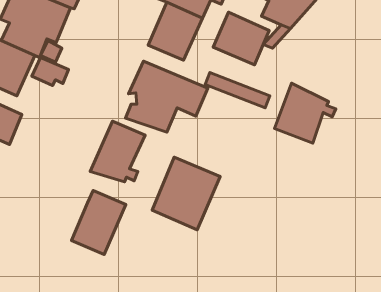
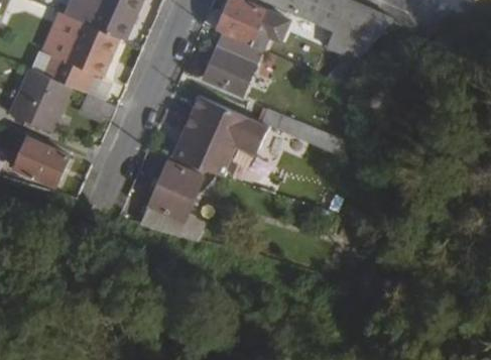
building: [213,12,269,65] -> none
building: [275,83,336,143] -> none
building: [152,157,220,230] -> none
building: [72,190,126,254] -> none

